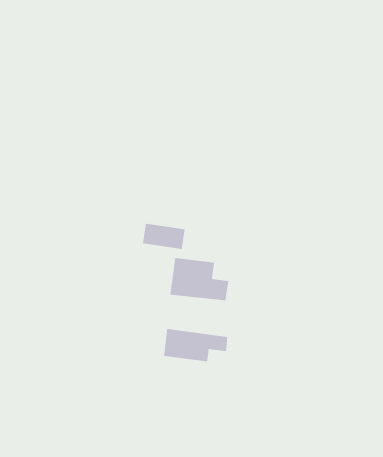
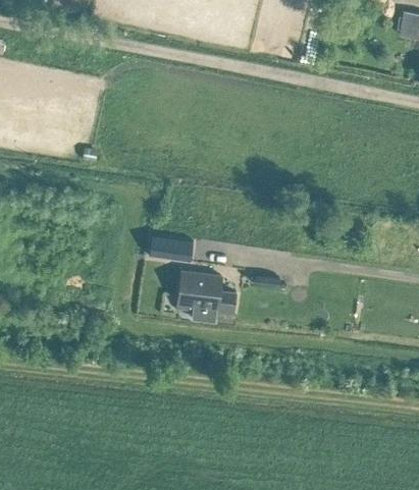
building: [164,328,228,362] -> none

